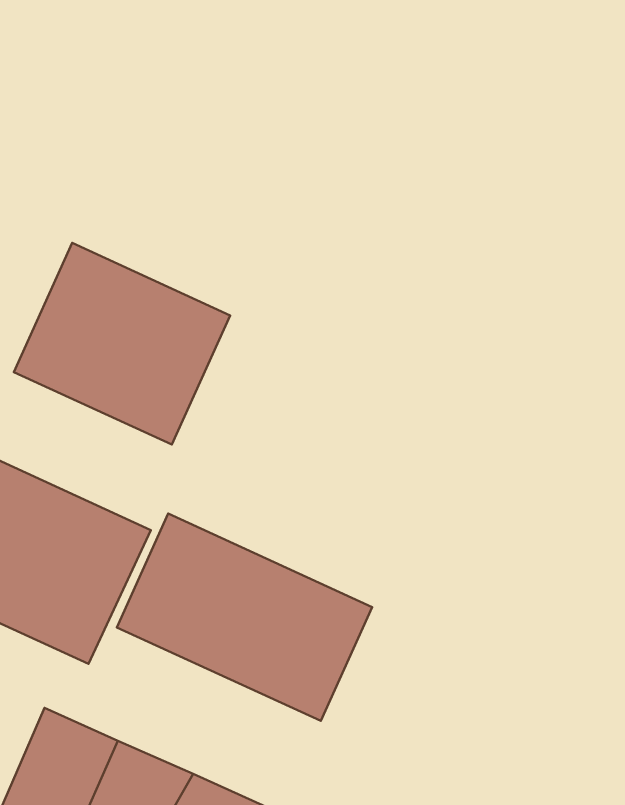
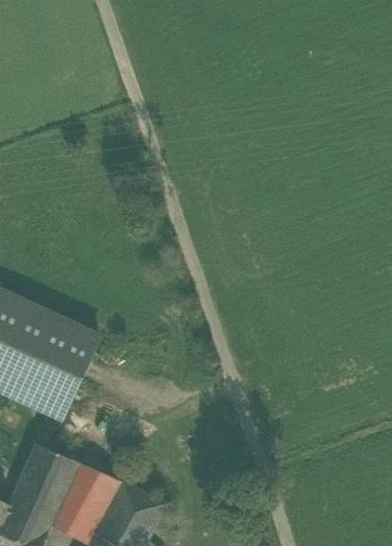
building: [14,243,230,445] -> none
building: [117,513,372,721] -> none

